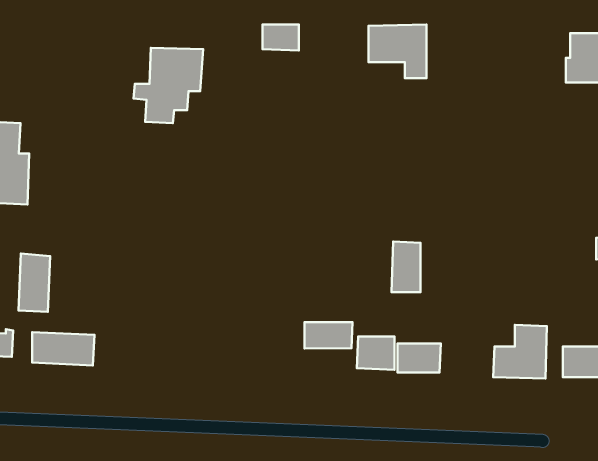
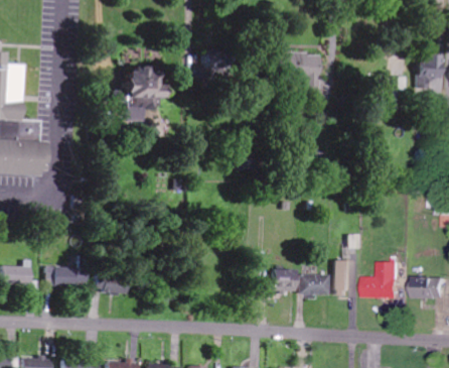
building: [392,241,421,292] -> [333,259,353,294]
building: [18,254,50,312] -> none
building: [304,322,353,348] -> none
building: none -> [93,273,129,294]

